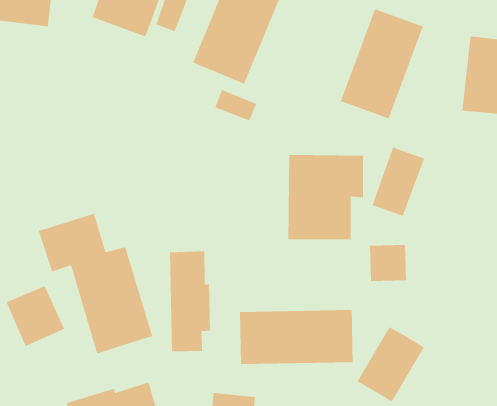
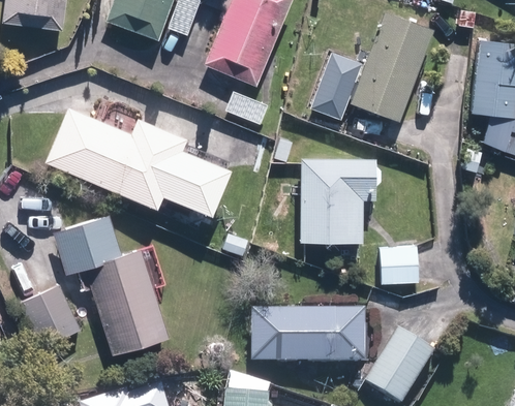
building: none -> [43,106,229,214]
building: [372,147,425,217] -> [310,51,363,120]
building: [169,251,211,352] -> none

